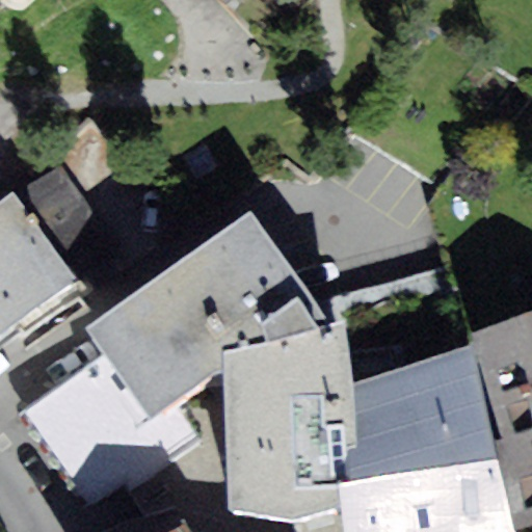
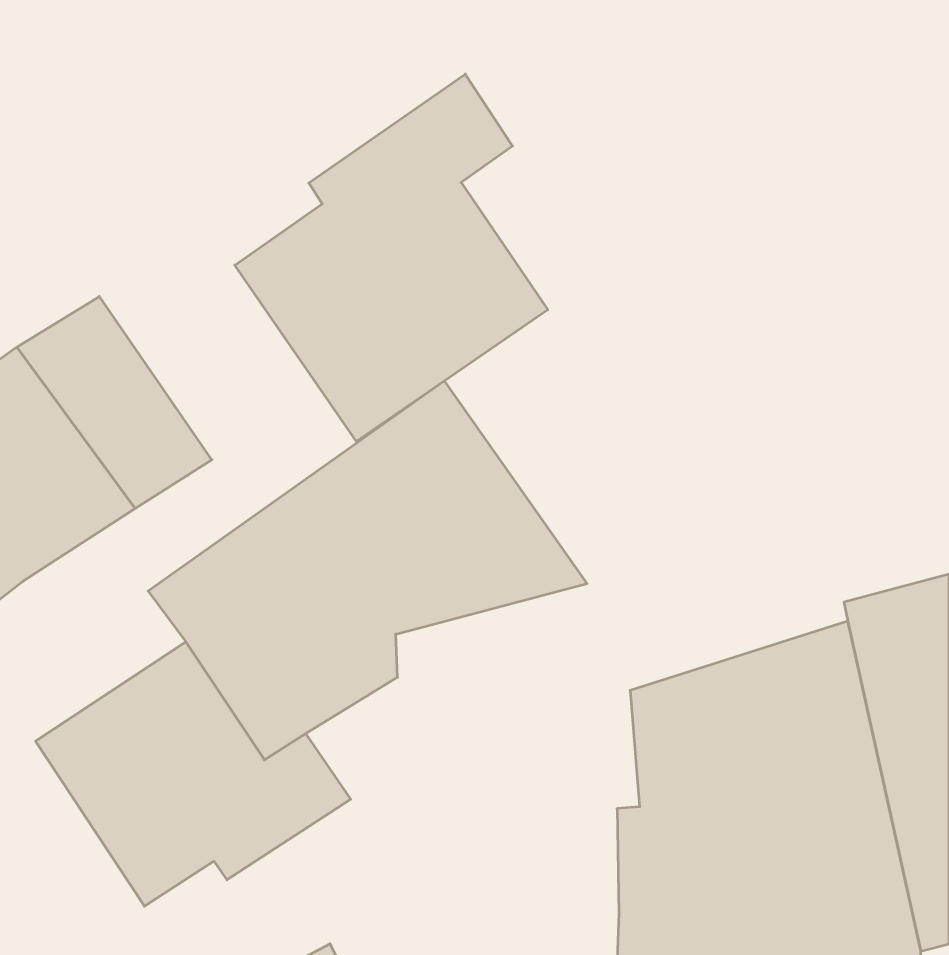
building: none -> [235,74,548,441]
building: [219,321,354,512] -> none

